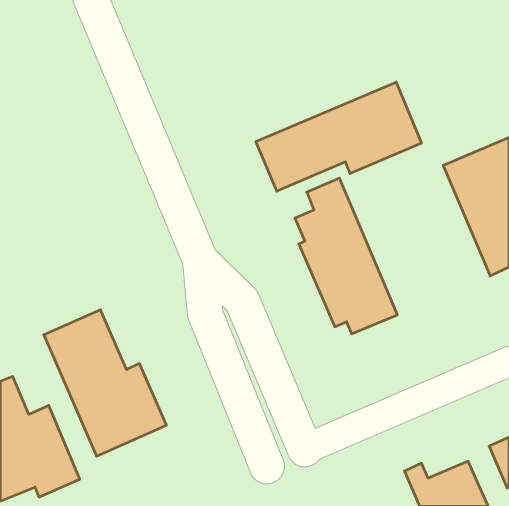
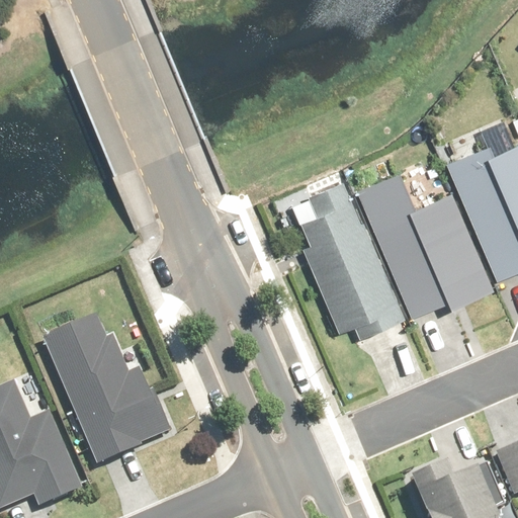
building: [256,82,421,191] -> none
building: none -> [359,174,493,316]

